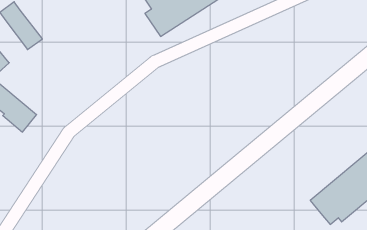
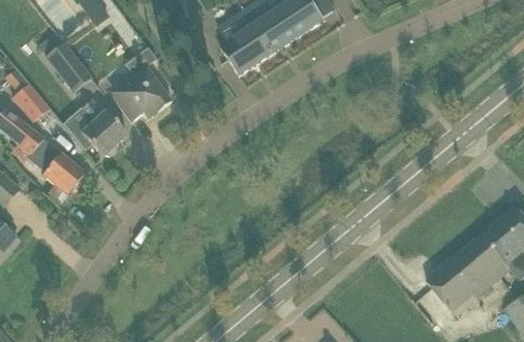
building: none -> [109,64,172,121]
building: none -> [80,98,127,156]

